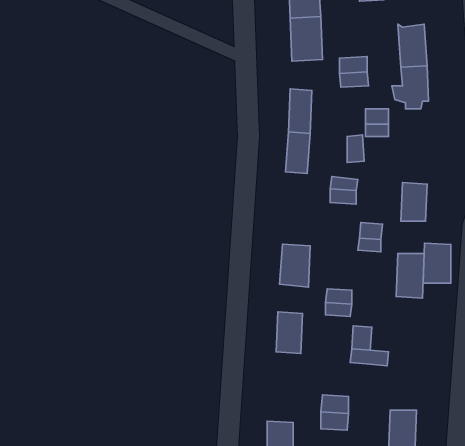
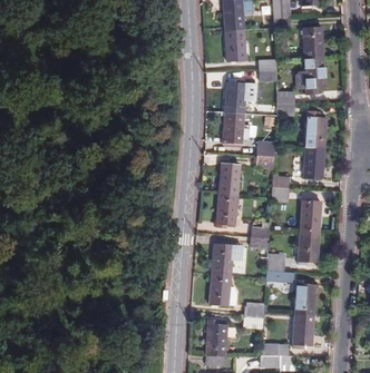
building: none -> [304,118,324,150]
building: none -> [217,163,240,195]
building: [423,243,451,283] -> [299,232,319,261]
building: none -> [212,272,231,301]
building: none -> [295,281,315,314]

